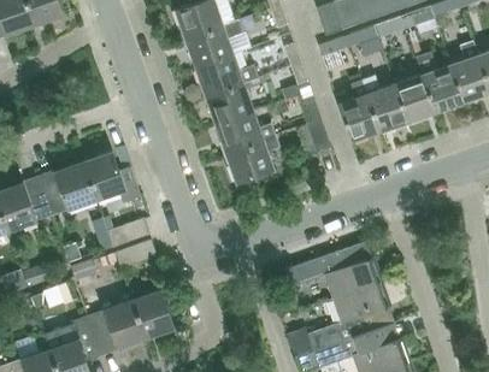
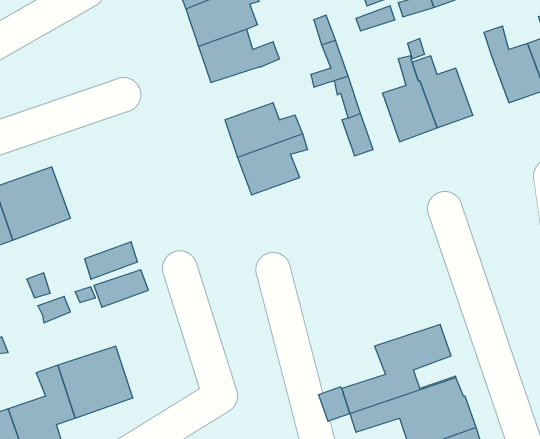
building: [394,75,435,120] -> none
building: [205,83,253,124] -> none
building: [82,149,140,201] -> none
building: [284,250,382,299] -> none
building: [131,288,175,338] -> none

